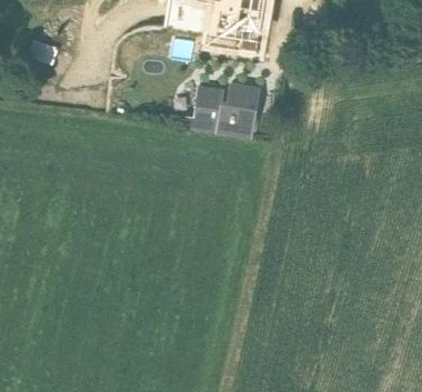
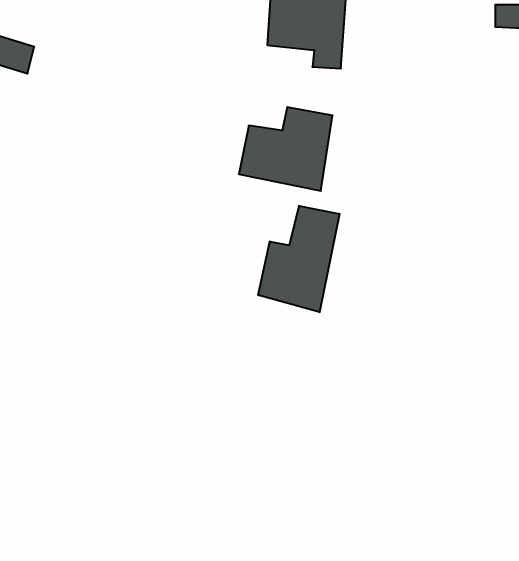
building: none -> [258,206,340,312]

